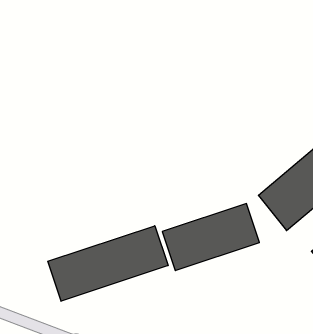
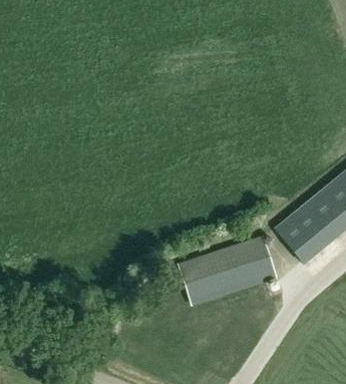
building: [48,226,168,301] -> none

